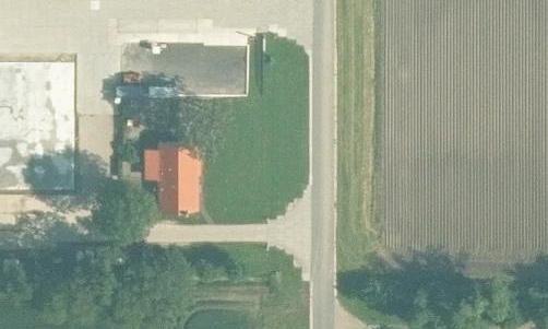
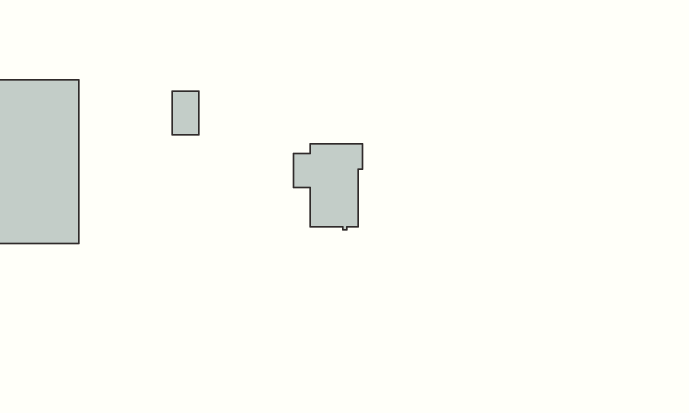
building: [144,143,198,210] -> [293,144,362,230]

